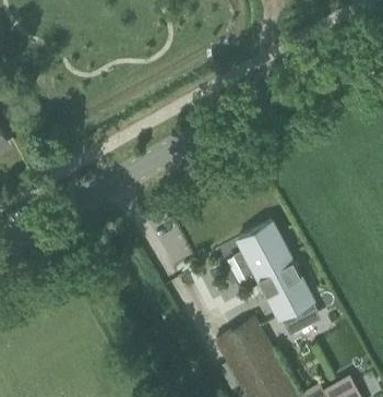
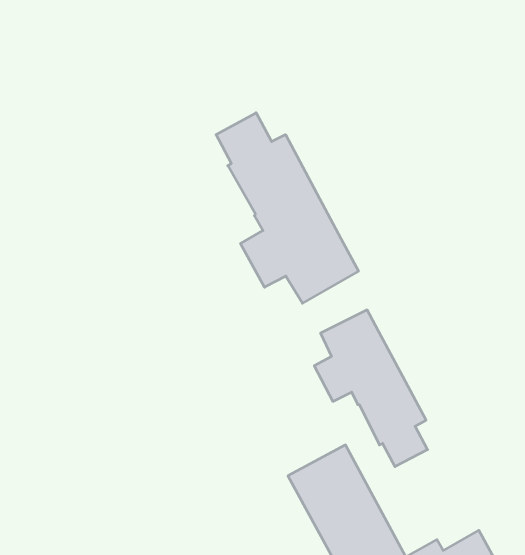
building: none -> [216,113,358,303]

